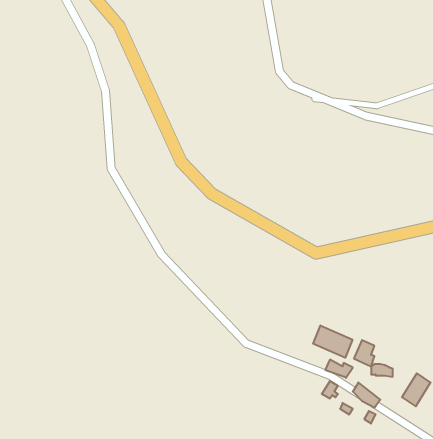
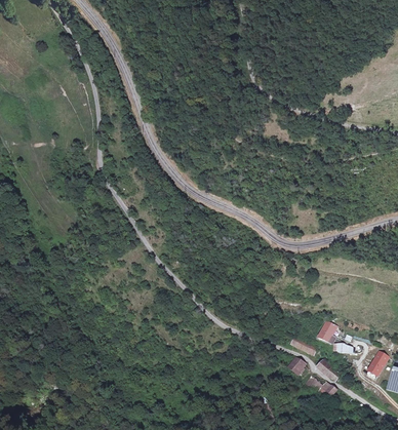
building: [313,325,352,358] -> none

